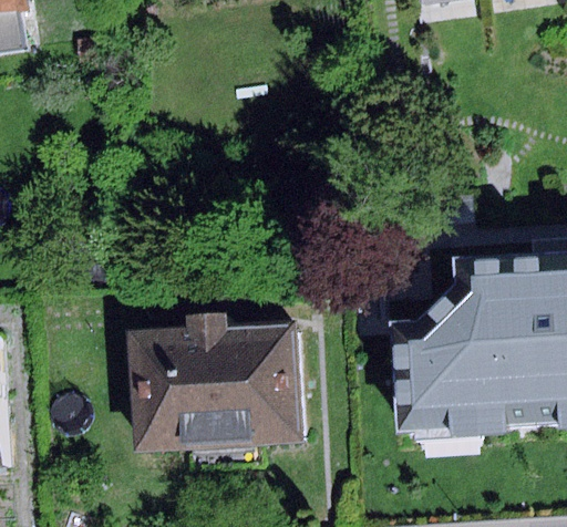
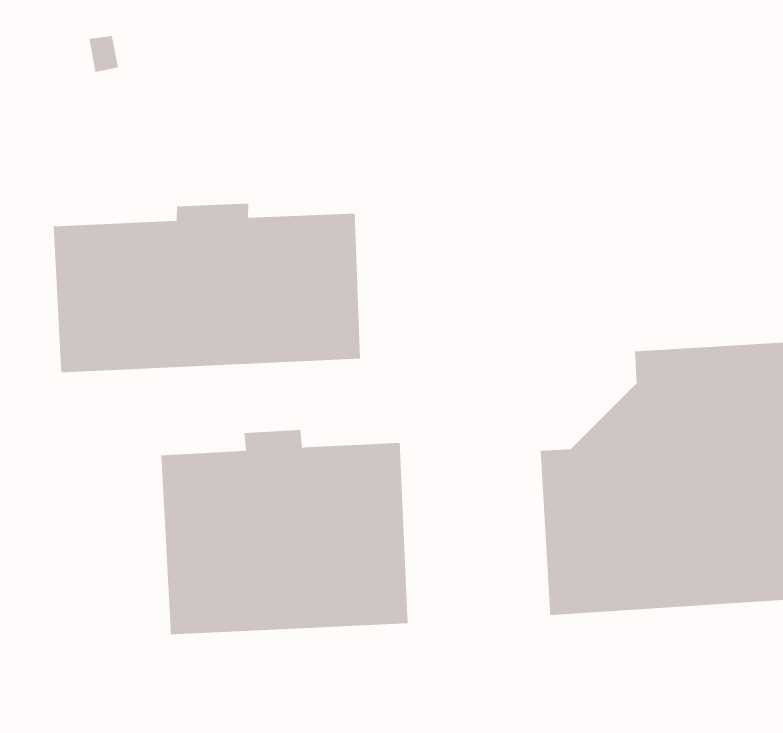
building: none -> [53,203,361,373]

